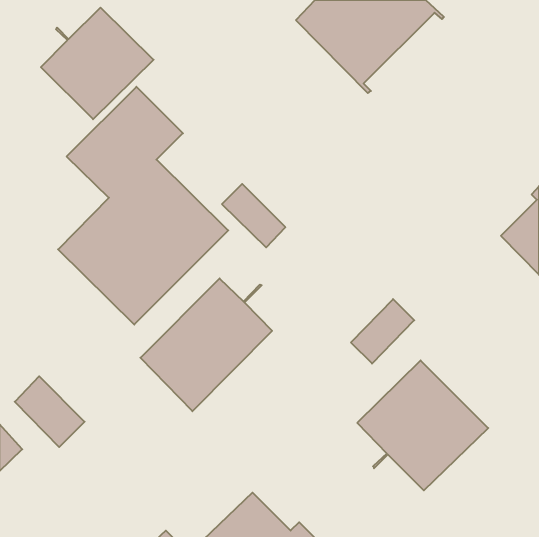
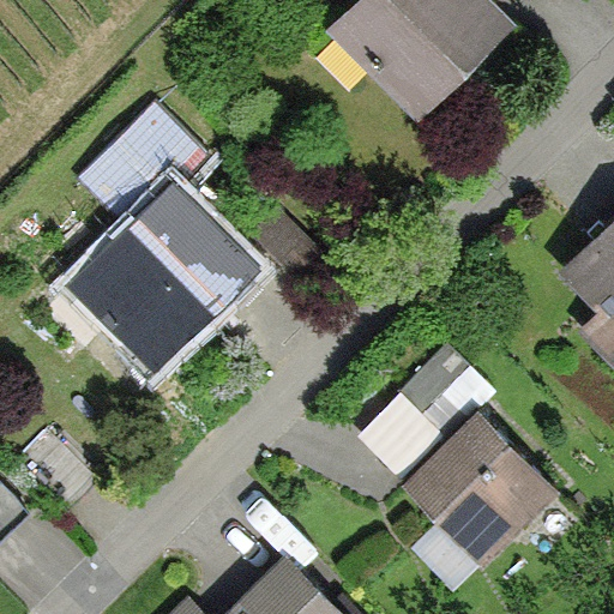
building: [41,8,154,119] -> none
building: [140,278,272,411] -> none

